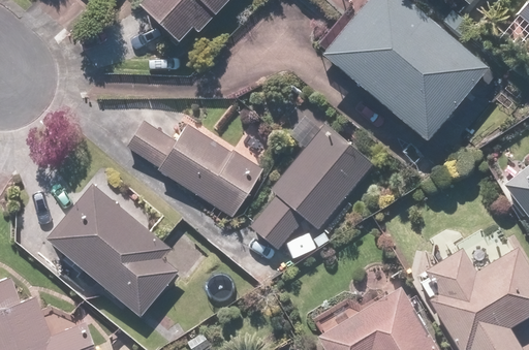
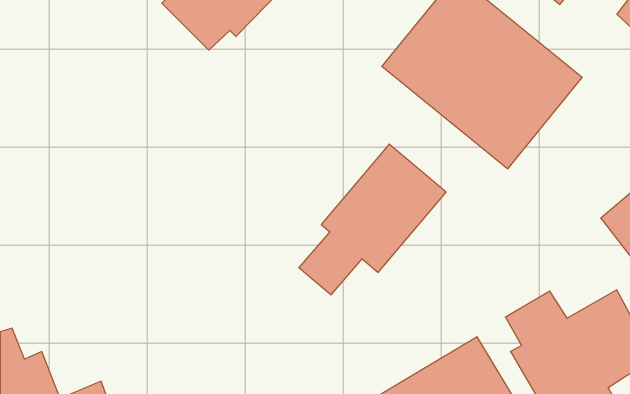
building: [127,120,264,218] -> none
building: [45,182,181,317] -> none

